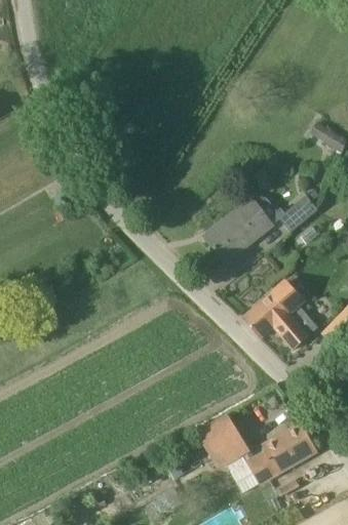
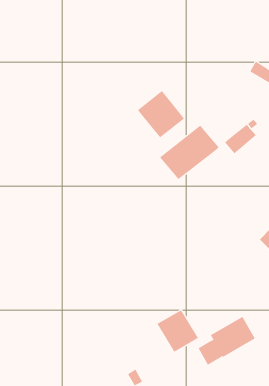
building: none -> [137,90,185,138]
building: [245,281,309,349] -> none

